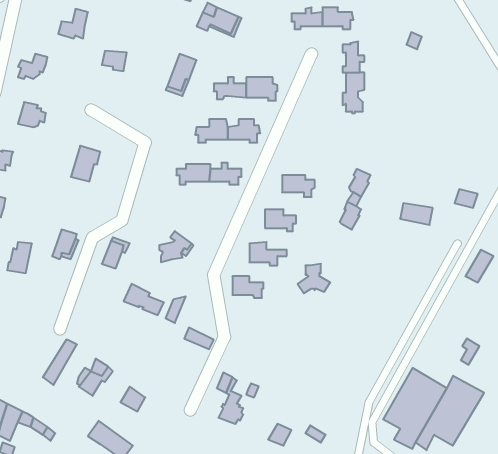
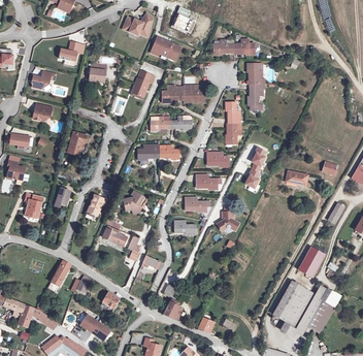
building: none -> [225,101,239,143]
building: none -> [298,246,325,277]

